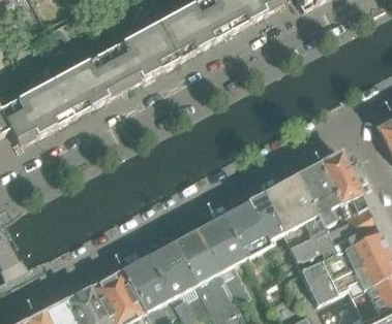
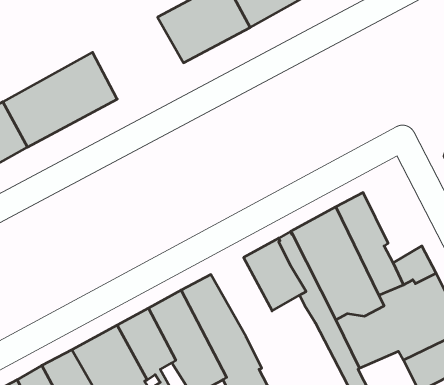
building: [103,24,176,89] -> none
building: [319,155,365,219] -> none
building: [198,215,250,302] -> none

